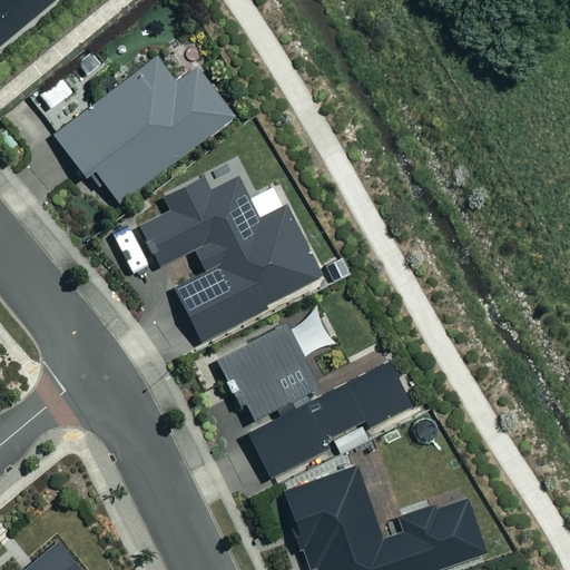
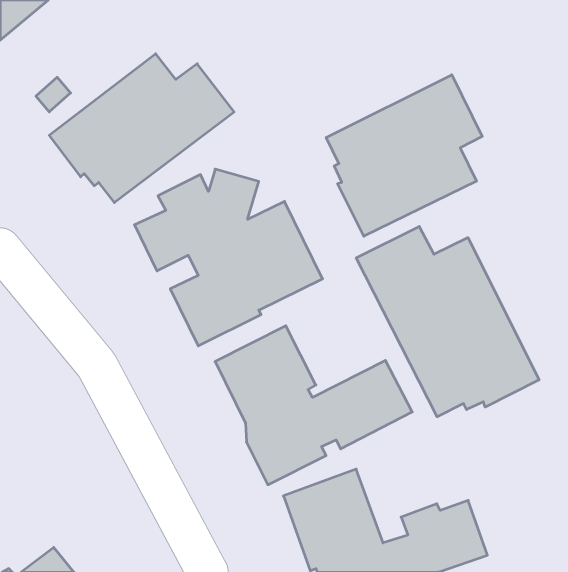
building: none -> [326,75,482,236]
building: none -> [356,226,539,417]

